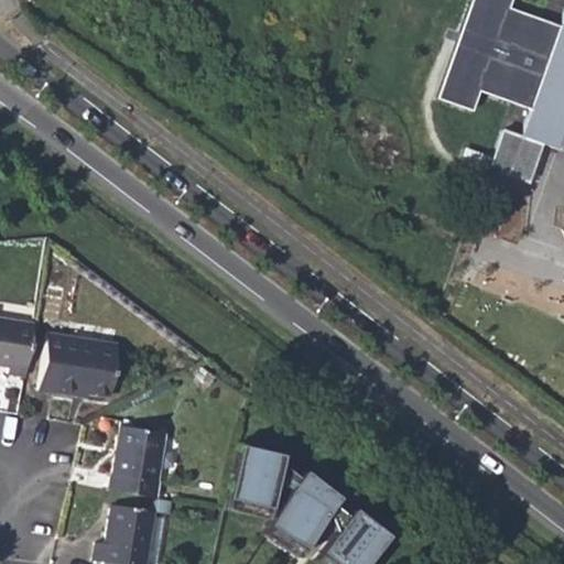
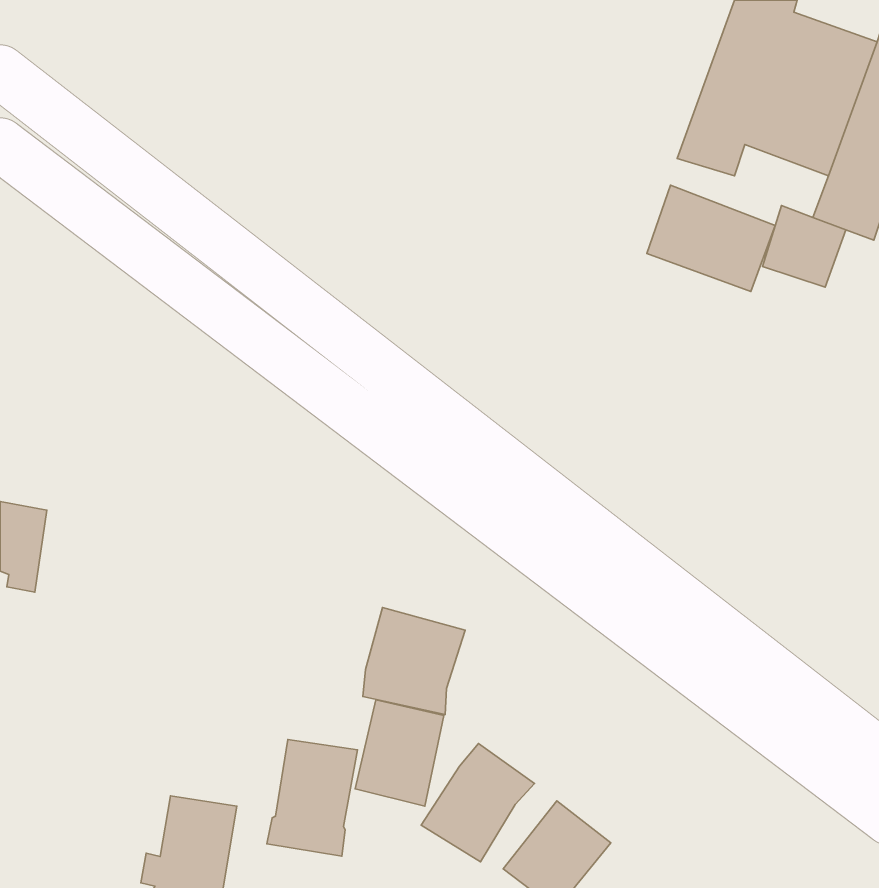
building: none -> [647,185,775,291]
building: [41,332,121,395] -> none
building: none -> [363,607,465,715]
building: [112,425,170,499] -> [267,739,357,856]

